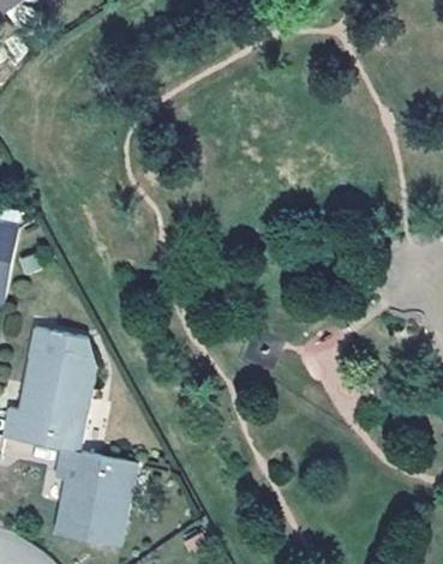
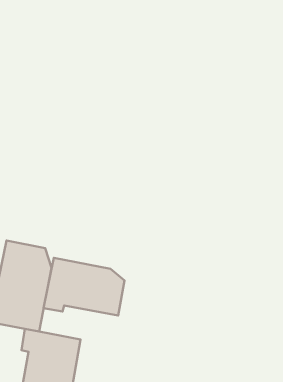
building: none -> [44,258,125,315]

